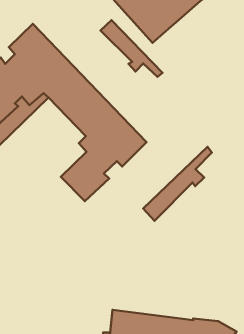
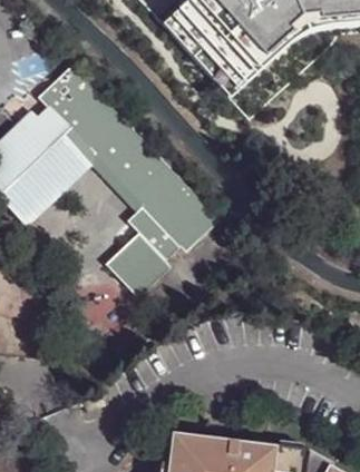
building: [100,20,163,77] -> none
building: [143,147,212,221] -> none

